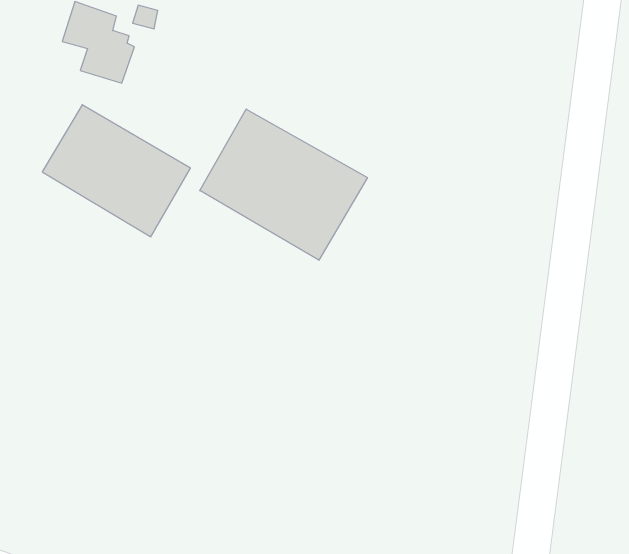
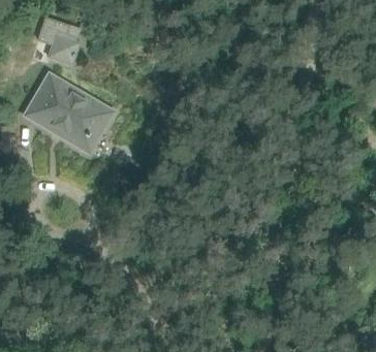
building: [200,109,367,260] -> none

